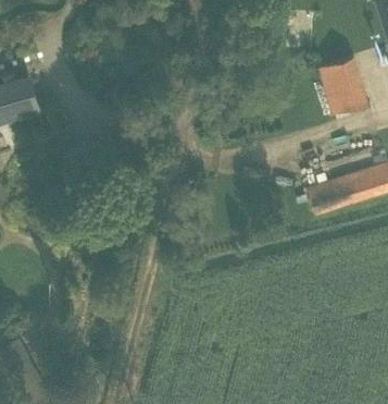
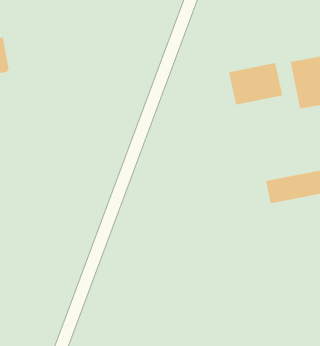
building: none -> [228,62,283,106]

